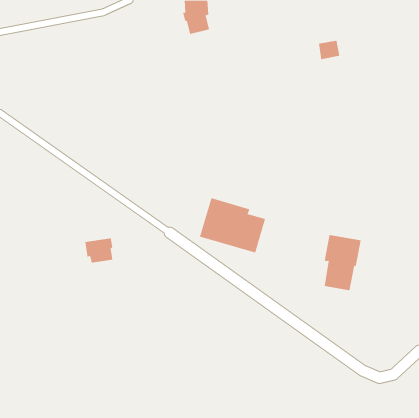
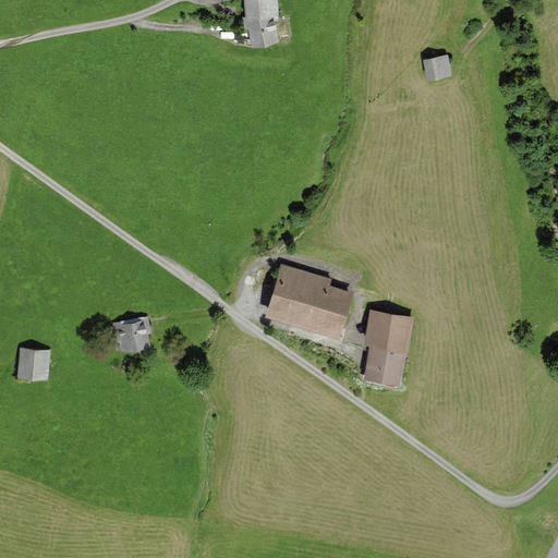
building: [324,234,362,291] -> [364,310,414,385]
building: none -> [17,348,51,379]

